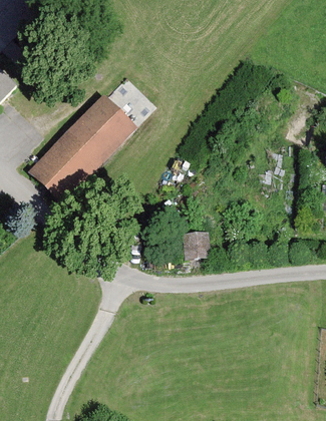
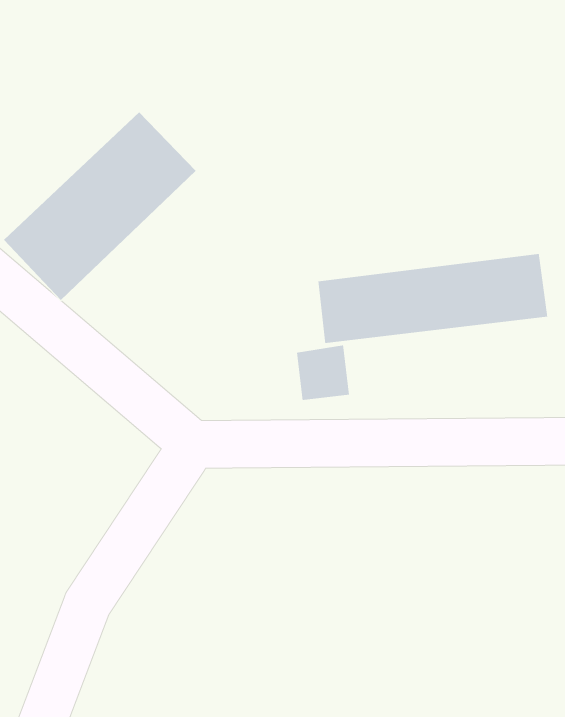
building: none -> [318,253,548,344]

